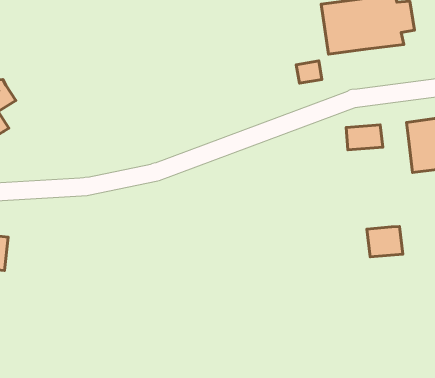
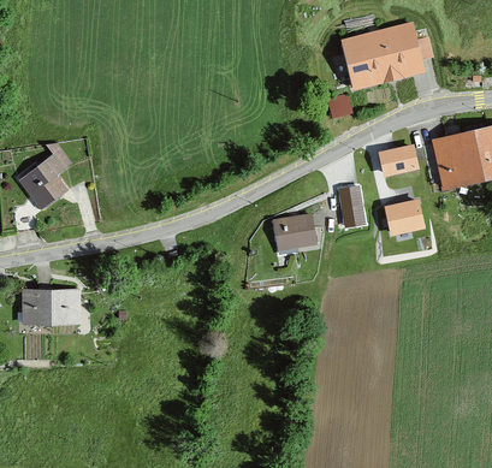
building: none -> [339,186,363,226]
building: none -> [274,215,315,253]
building: [367,227,403,257] -> [386,201,422,232]

